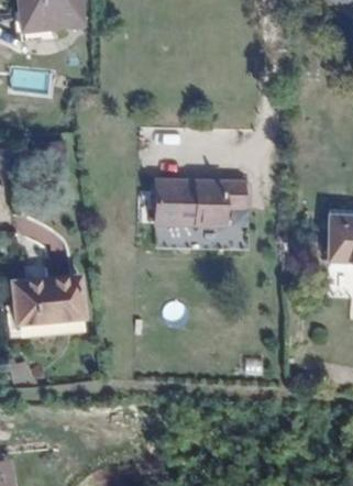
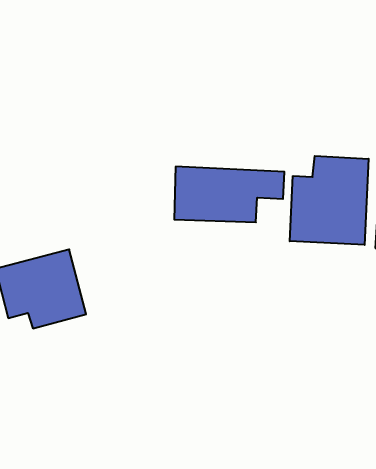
building: none -> [290,156,369,245]

